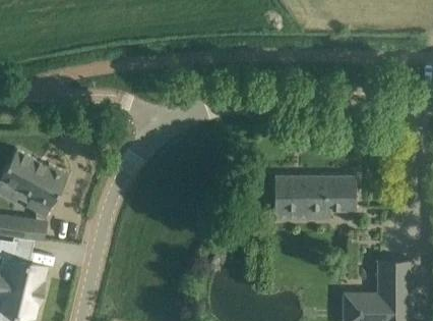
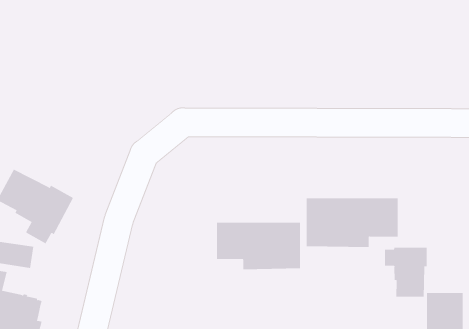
building: none -> [216,222,301,270]
building: none -> [384,247,427,298]

